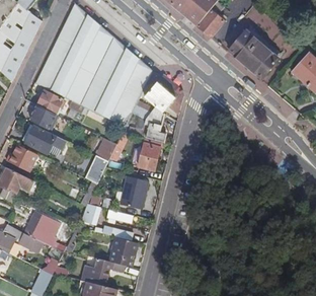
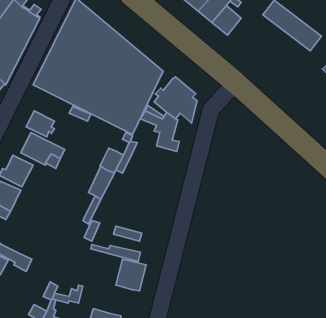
building: [227,26,280,78] -> none
building: [36,89,62,115] -> none
building: [138,138,161,168] -> none
building: [120,175,149,209] -> none
building: [23,211,65,251] -> none
building: [81,257,125,286] -> none

